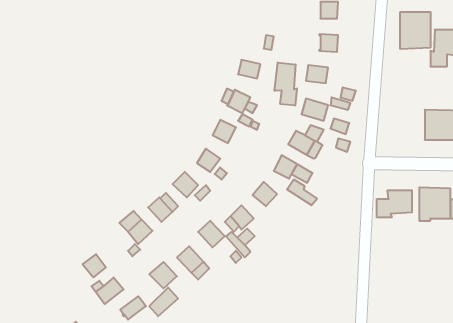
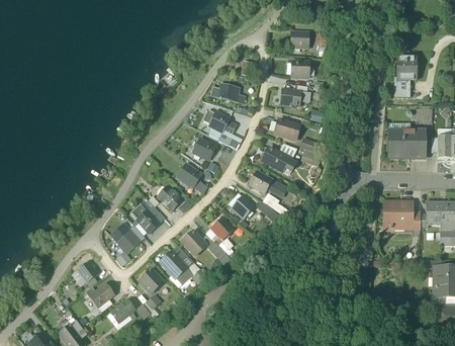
building: [400,12,430,49] -> none
building: [275,62,297,106] -> none
building: [377,190,412,217] -> none

